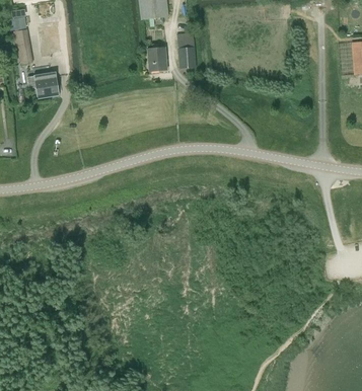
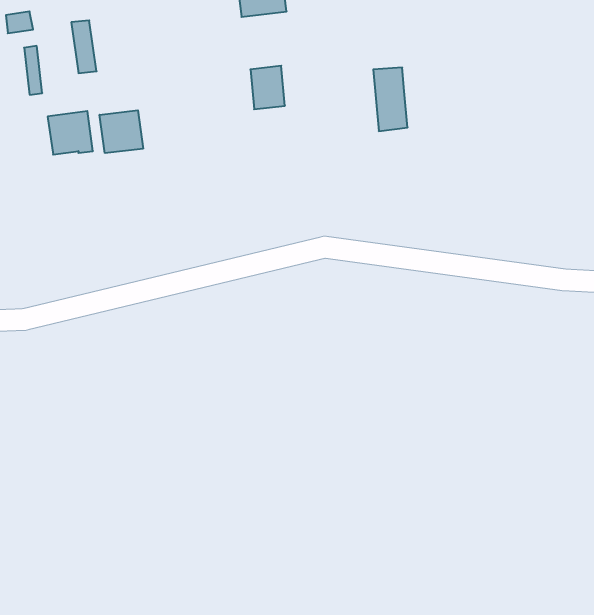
building: [176,32,196,68] -> [373,68,408,131]
building: none -> [100,110,143,153]

